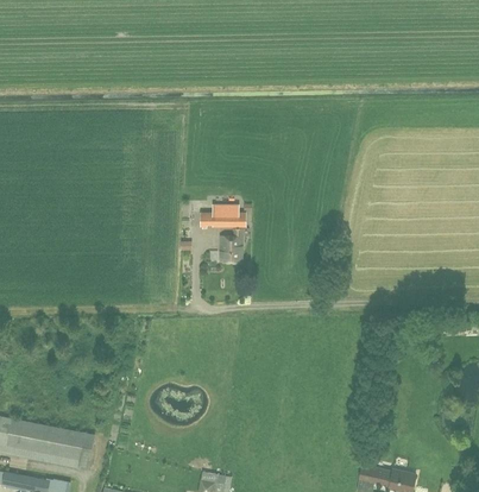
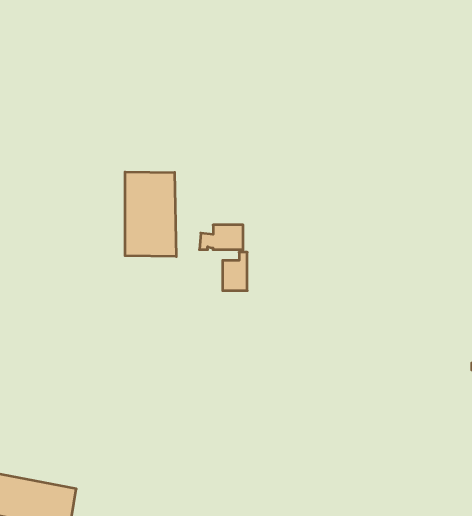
building: none -> [125,172,176,257]

